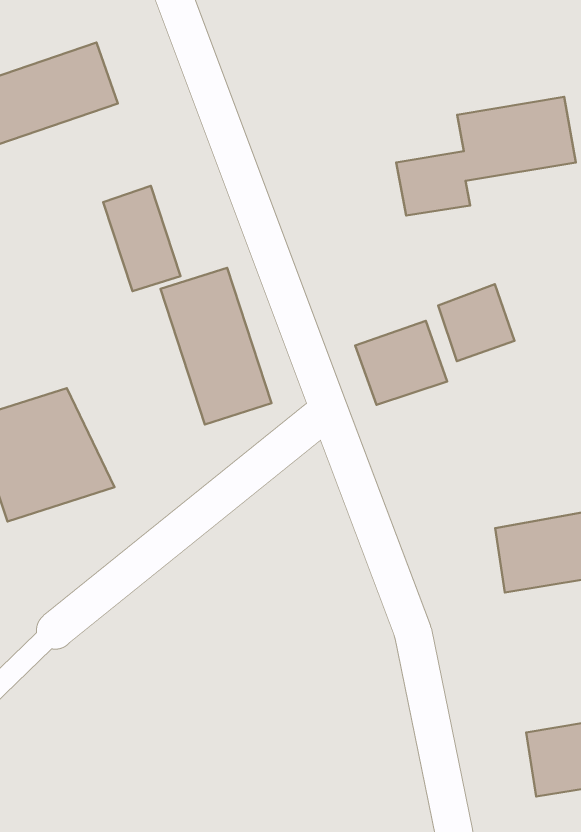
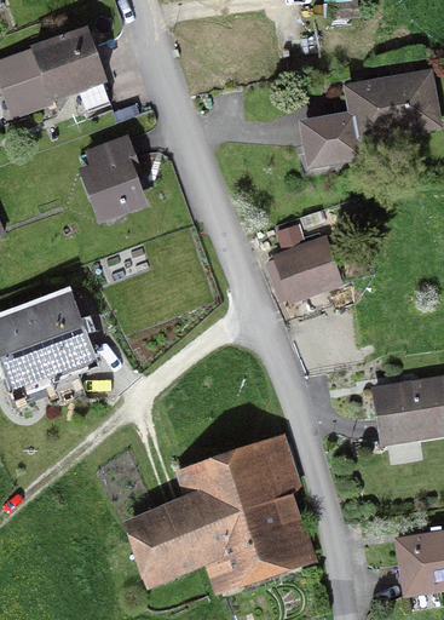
building: [160,268,272,424] -> none
building: [438,284,515,361] -> none
building: none -> [128,443,312,590]

